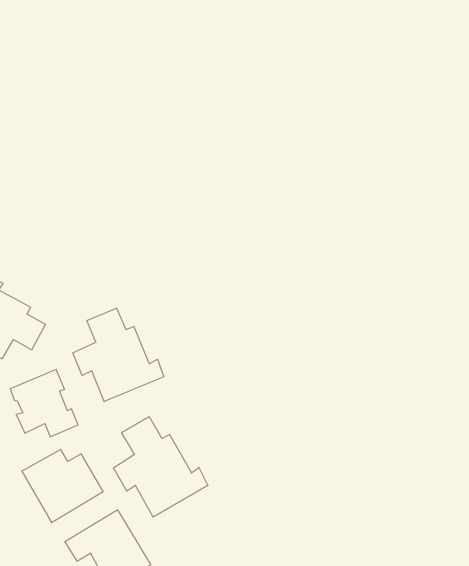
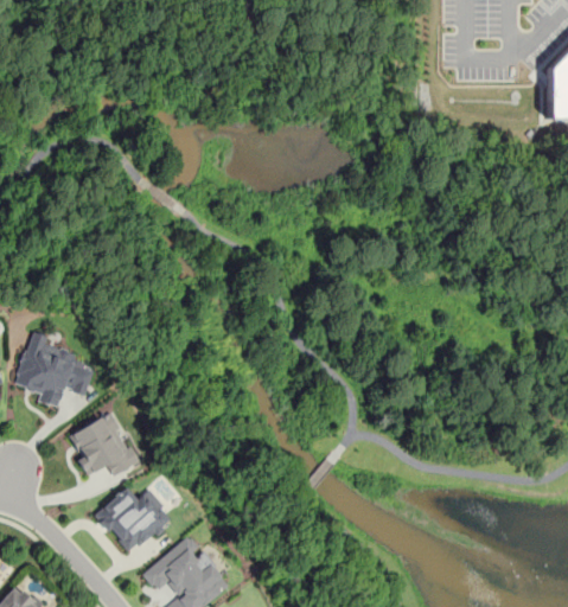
building: [73,308,164,402] -> none
building: [114,417,208,517] -> none

